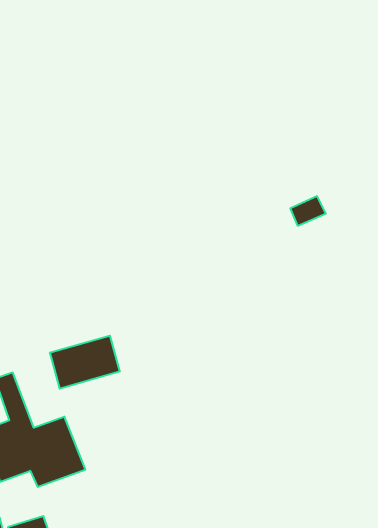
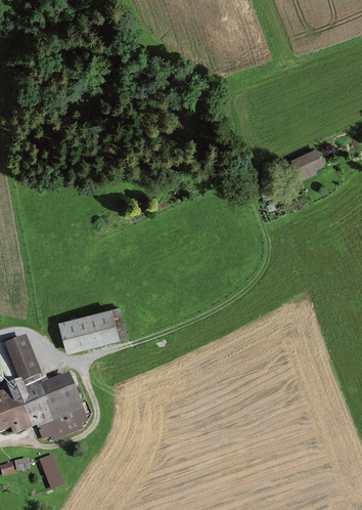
building: [290,196,326,226] -> [295,148,324,173]

